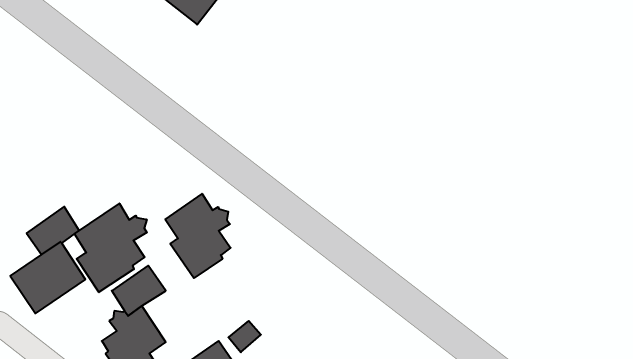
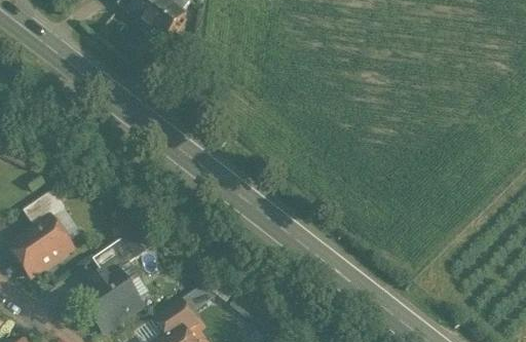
building: [165,194,231,278] -> none
building: [74,203,147,292] -> none

